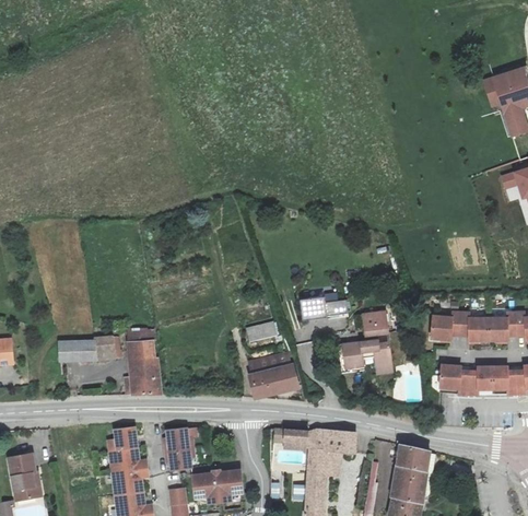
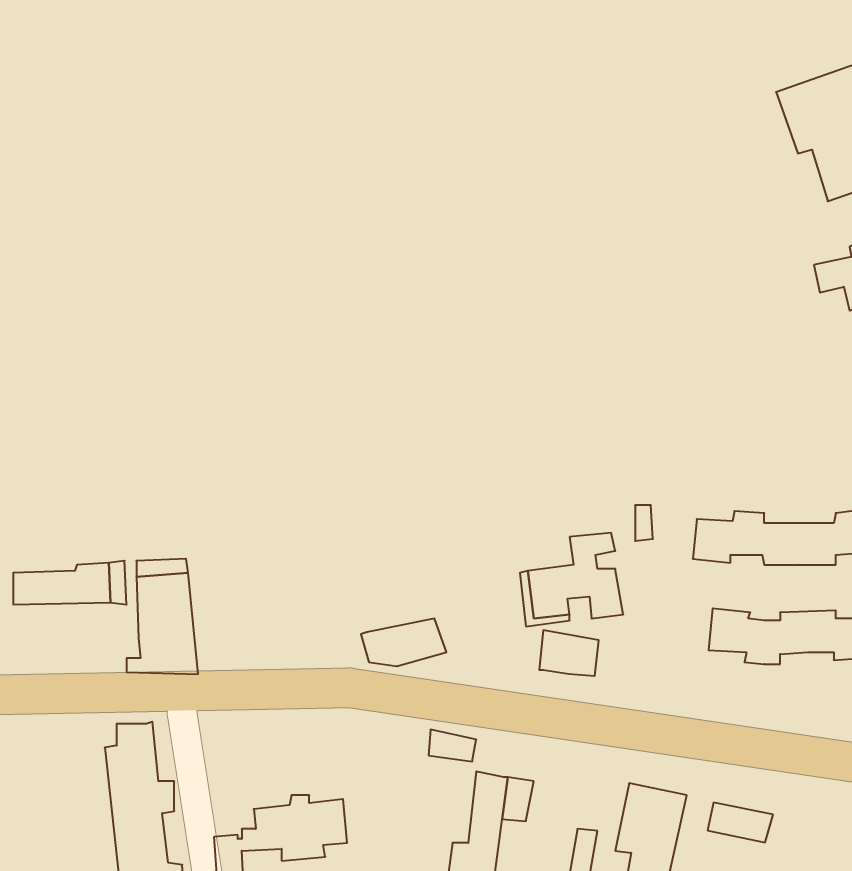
building: [298,296,347,318] -> none
building: [245,320,277,342] -> none
building: [249,353,291,377] -> none
building: [164,425,195,468] -> none
building: [329,435,362,460] -> [539,630,599,676]
building: [398,445,434,467] -> [708,803,773,842]

